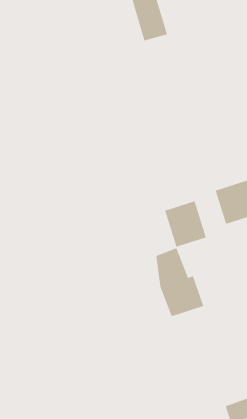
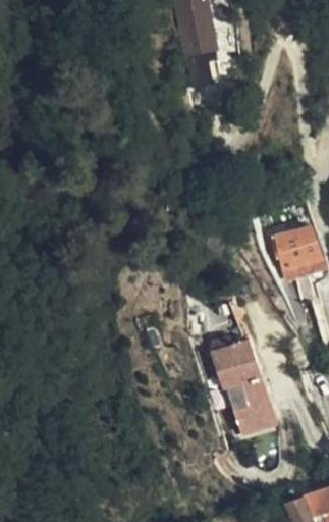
building: [164,200,207,248] -> none
building: none -> [234,393,278,439]

